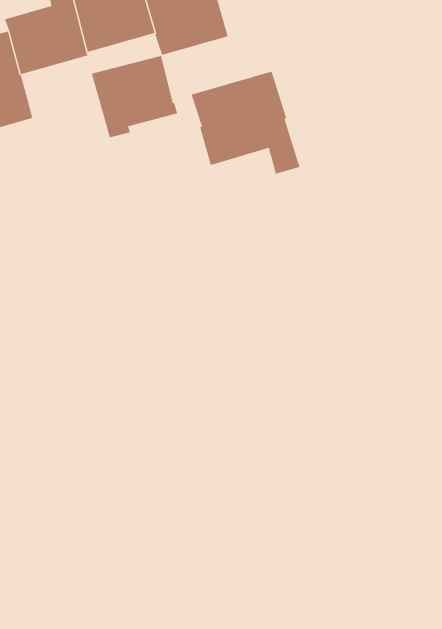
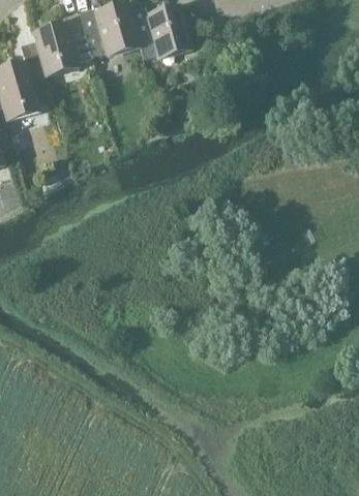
building: [91,55,178,138] -> none
building: [191,71,300,175] -> none

